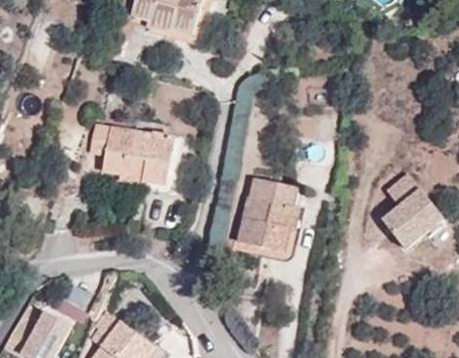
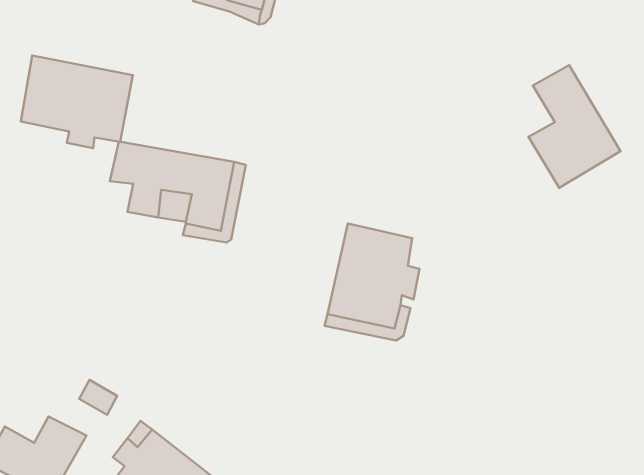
building: none -> [21,56,133,148]
building: [381,173,445,258] -> [528,65,620,188]

